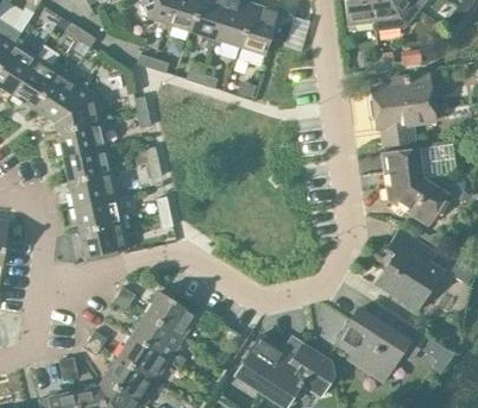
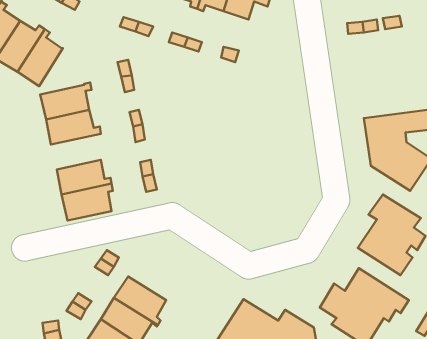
building: [371,75,432,147] -> none
building: [55,79,100,131] -> none
building: [67,170,118,206] -> none
building: [144,290,201,337] -> none

